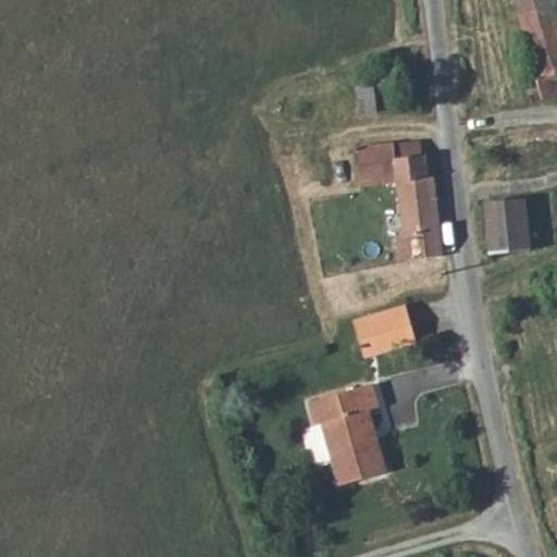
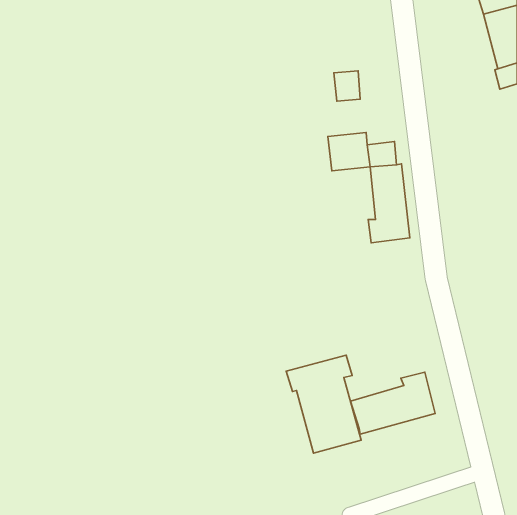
building: [483,198,532,253] -> none
building: [354,305,414,357] -> none
building: none -> [350,372,435,434]

